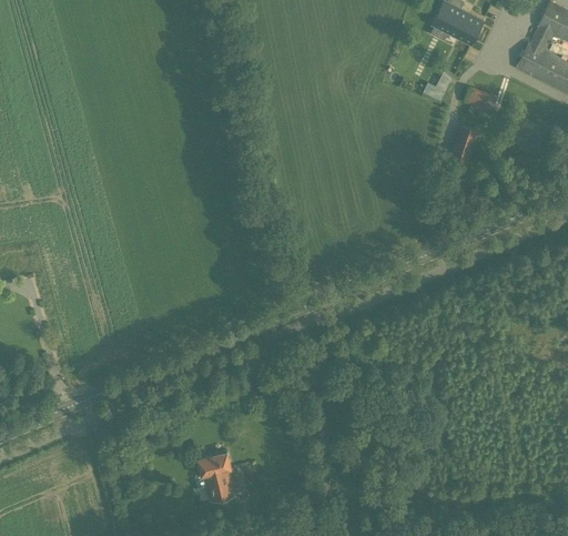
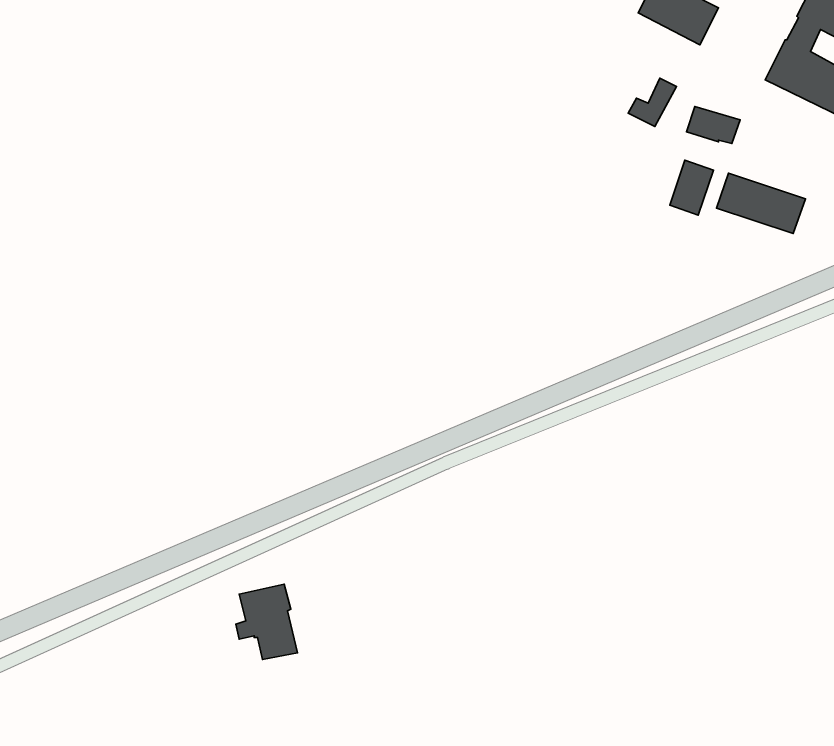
building: none -> [716,173,805,234]
building: [195,451,236,500] -> [236,584,298,659]

